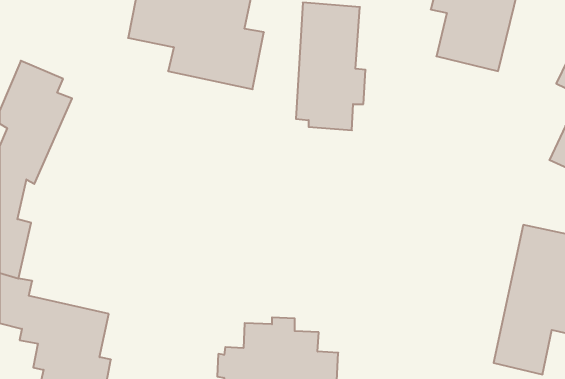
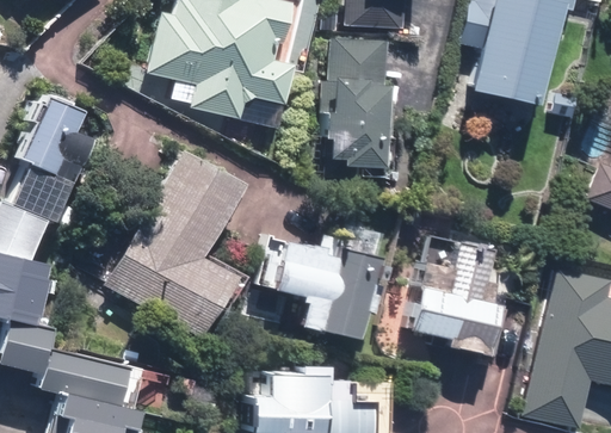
building: none -> [107,151,242,339]
building: none -> [409,239,511,358]
building: none -> [261,241,374,341]

